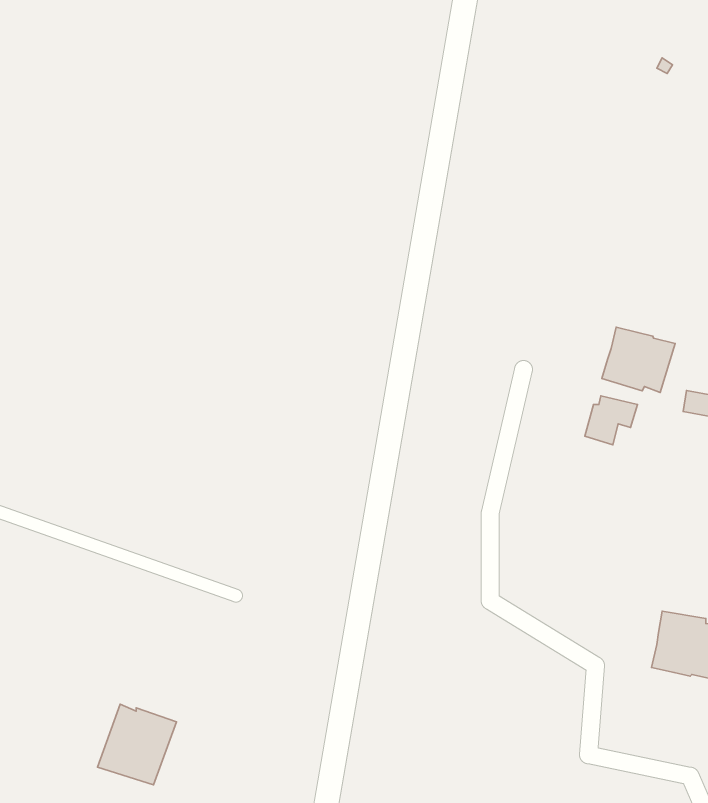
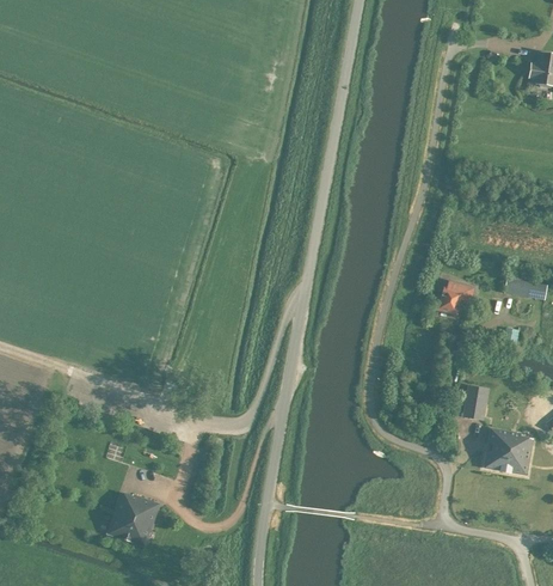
building: [602,327,675,392] -> none
building: none -> [463,385,486,420]

